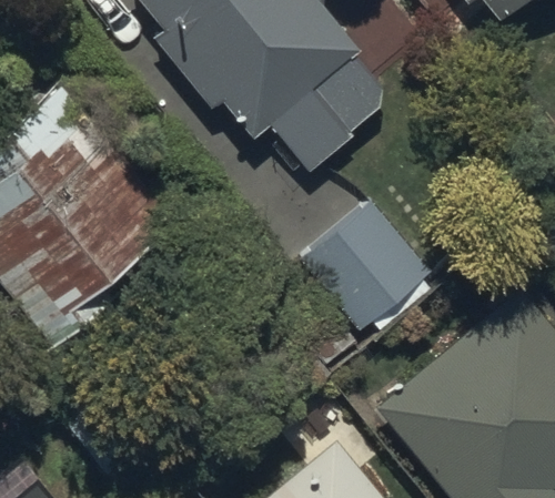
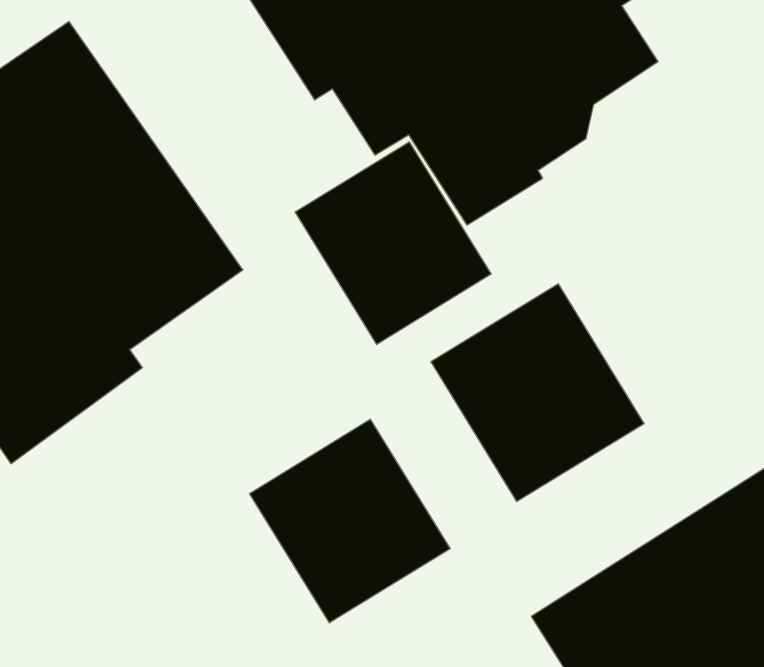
building: none -> [295,142,491,345]
building: none -> [250,419,450,623]

